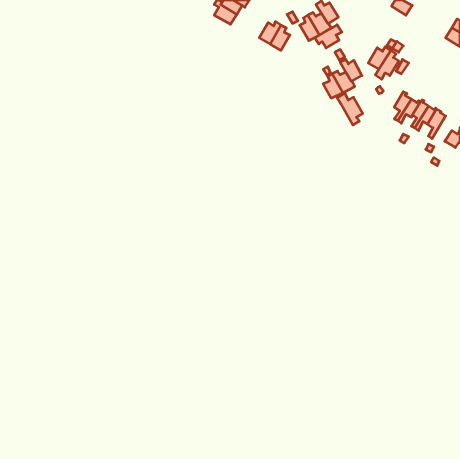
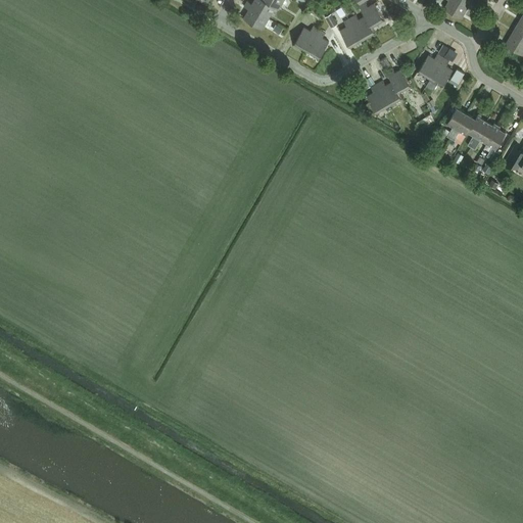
building: [315,25,342,48] -> none
building: [337,93,363,125] -> none

